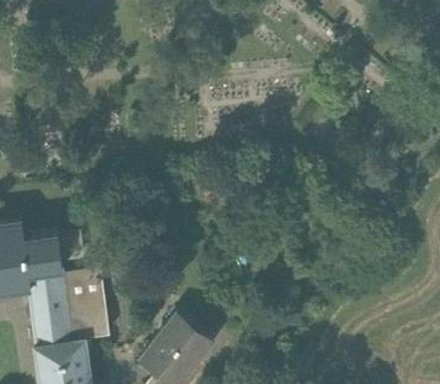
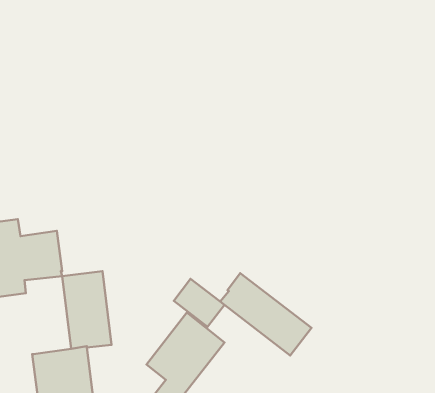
building: none -> [220,273,312,355]
building: [27,273,70,345] -> none

